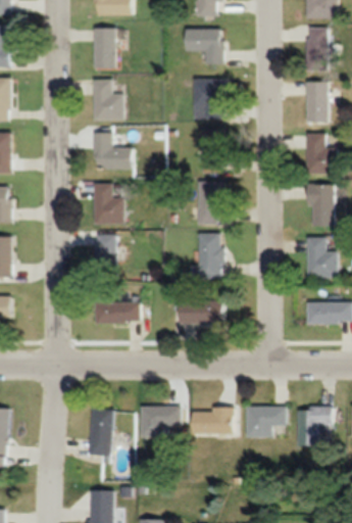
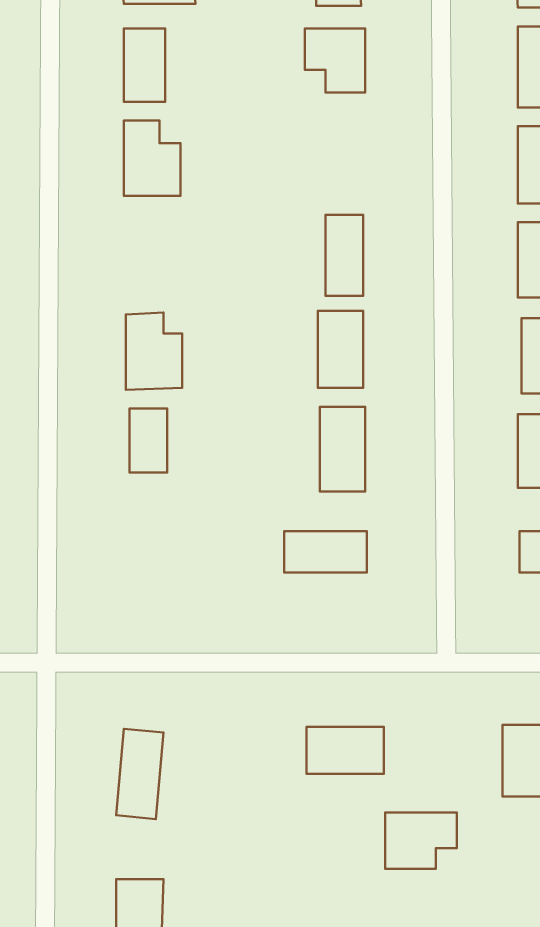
building: [197,79,222,120] -> none
building: [93,133,132,170] -> none
building: [95,301,140,325] -> none
building: [140,407,180,437] -> none
building: [246,407,285,437] -> [385,812,457,869]

